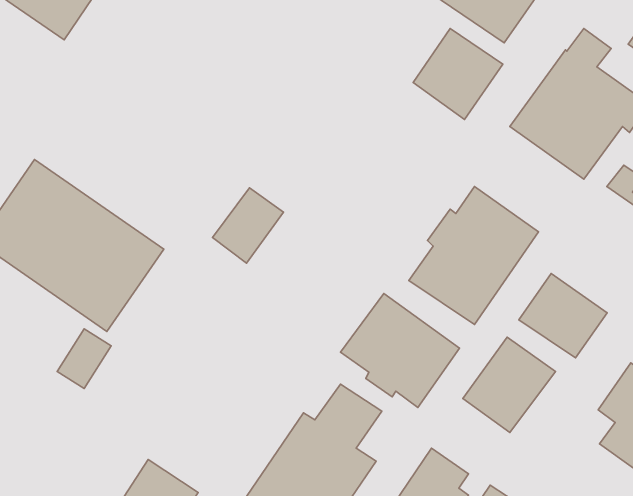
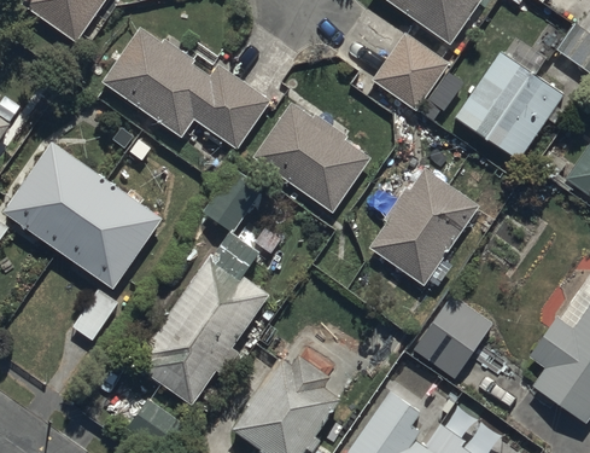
building: none -> [103,27,271,150]
building: none -> [253,101,370,211]
building: none -> [138,236,268,406]
building: [519,273,607,358] -> none
building: [341,293,460,407] -> none

